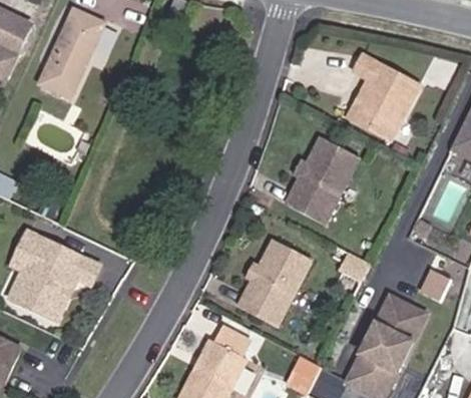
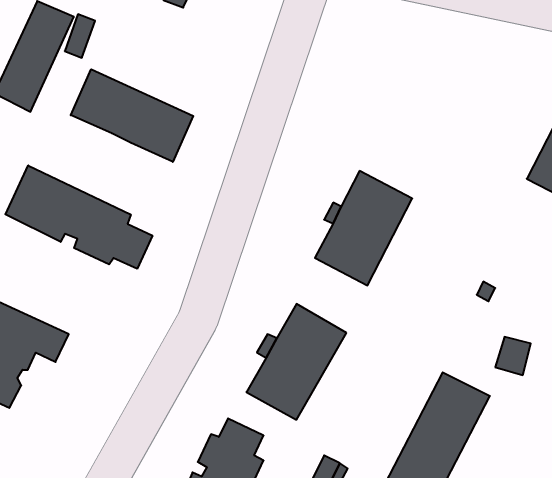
building: [352,54,420,137] -> none
building: none -> [71,69,193,162]
building: none -> [5,165,152,269]

